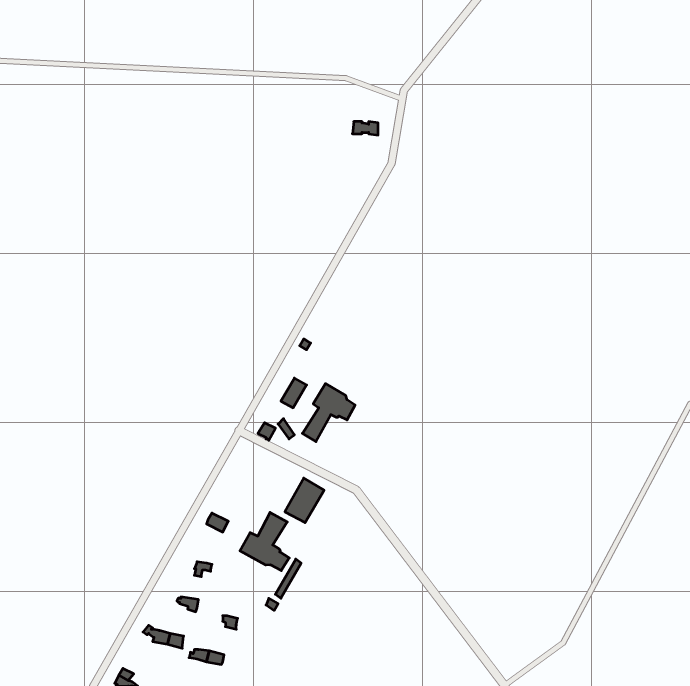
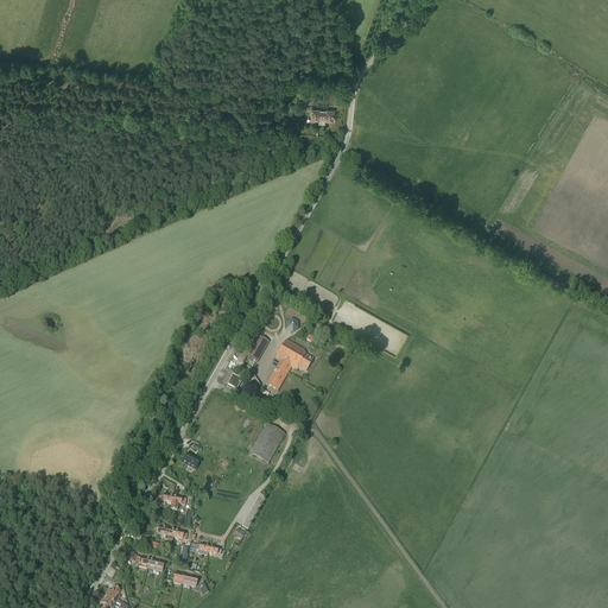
building: [240,512,289,571] -> none

